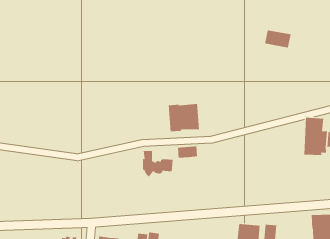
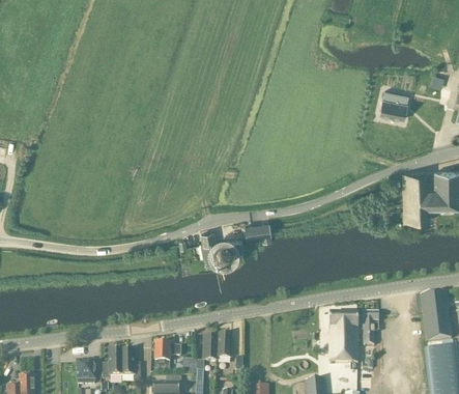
building: [264,30,291,48] -> [377,97,410,118]
building: [168,103,199,132] -> none

